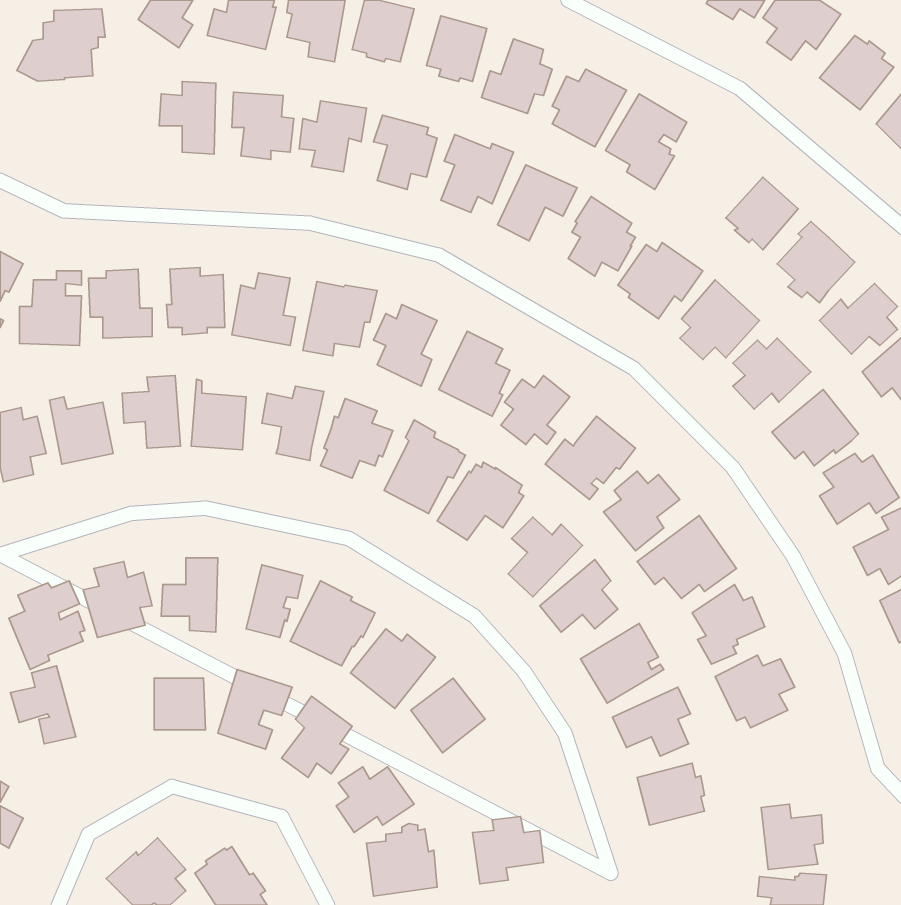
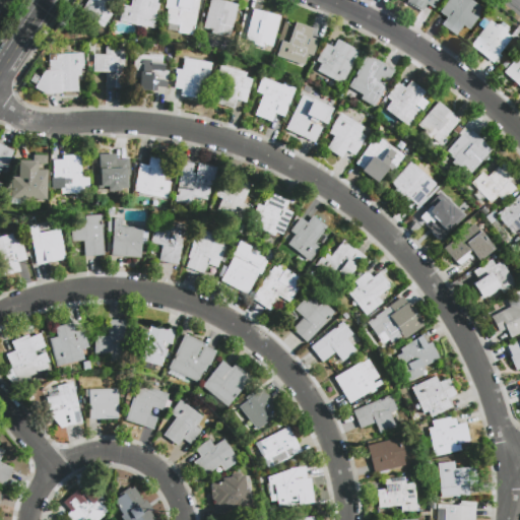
building: [17,9,105,81] -> [36,53,86,94]
building: none -> [387,81,427,126]
building: [10,666,76,744] -> [46,382,83,427]
building: none -> [429,416,471,456]
building: none -> [261,426,303,465]
building: none -> [378,476,418,513]

